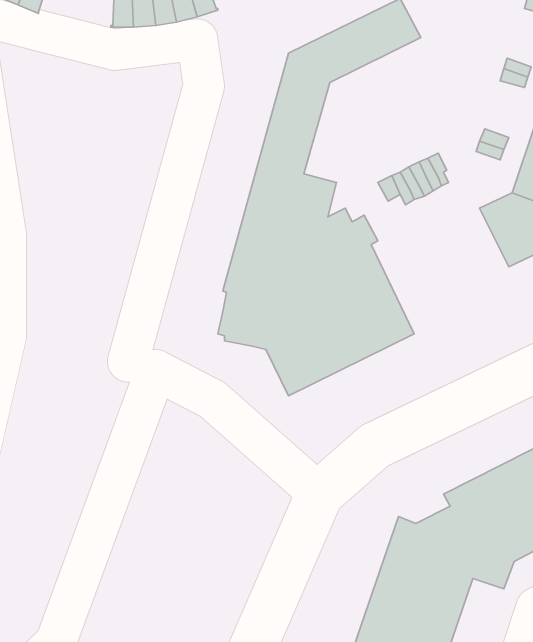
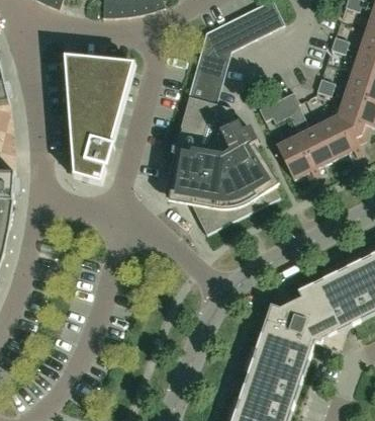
building: none -> [64,57,136,185]
building: none -> [277,123,336,179]

